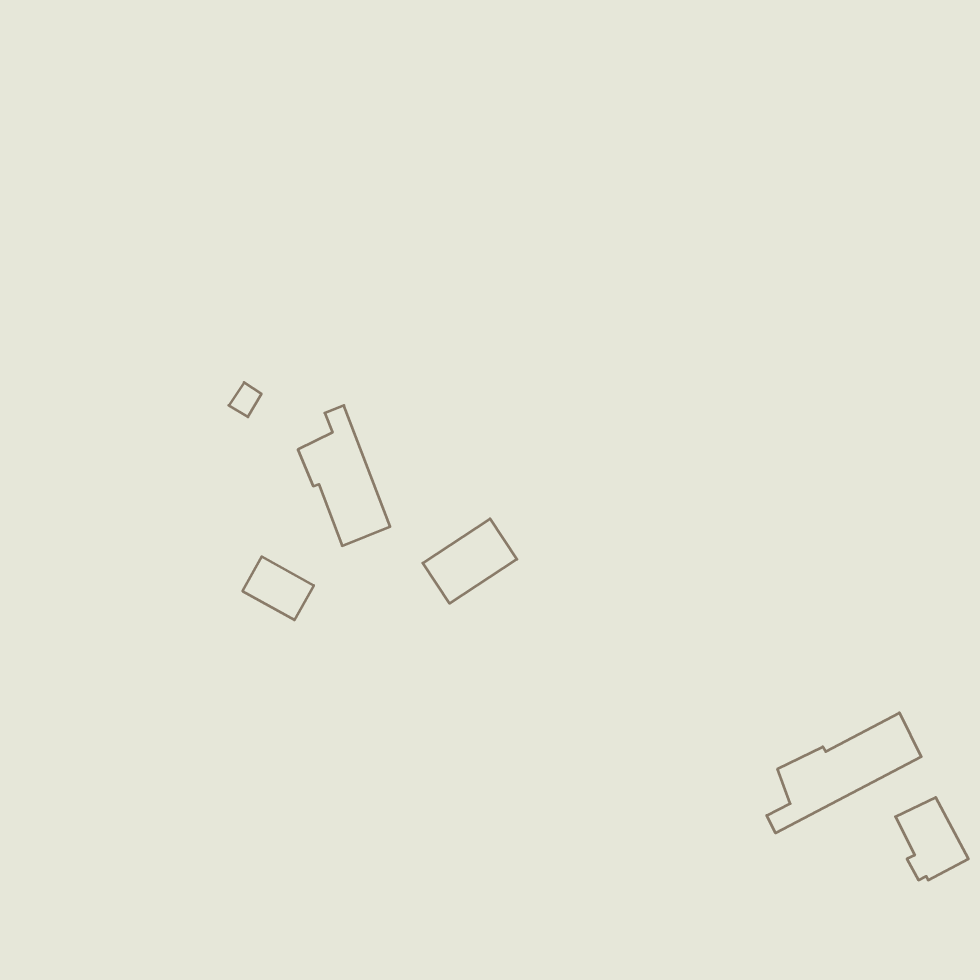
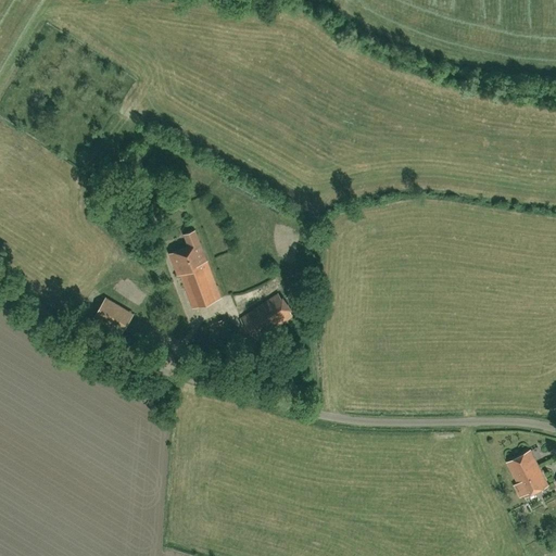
building: [243,557,314,620] -> [89,296,129,332]
building: [767,713,921,833] -> none

